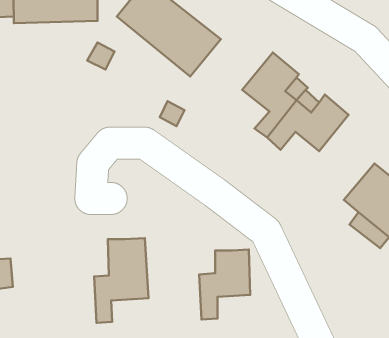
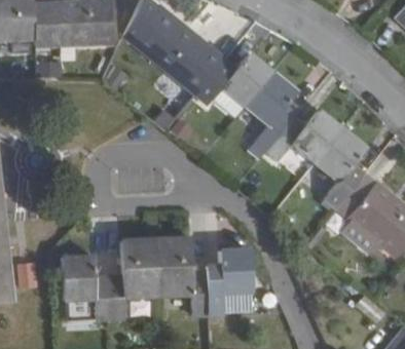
building: none -> [196,54,271,107]
building: none -> [314,129,364,206]
building: none -> [155,239,207,315]
building: none -> [63,257,111,318]

